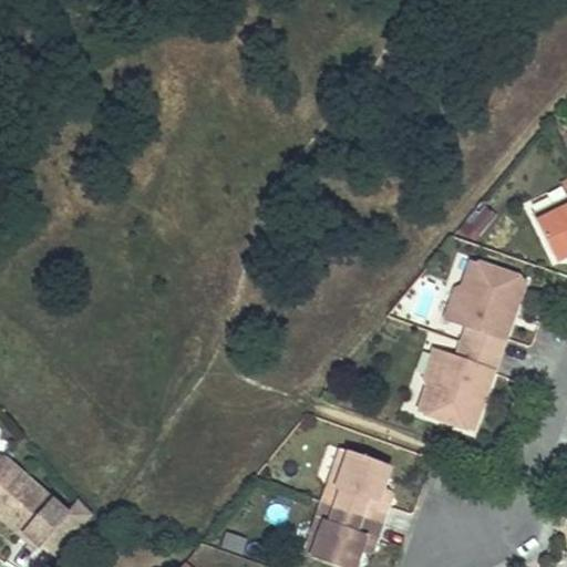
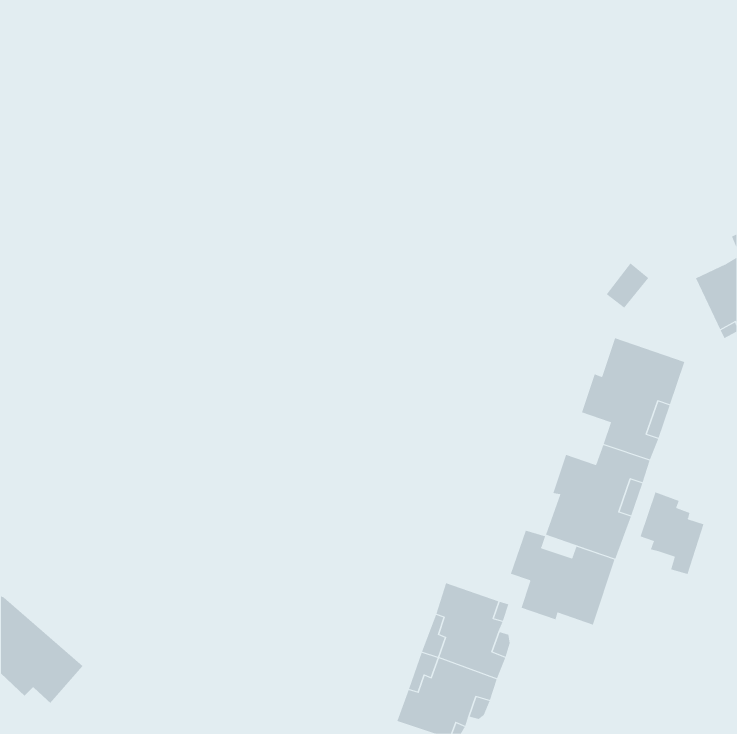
building: none -> [640,491,704,575]
building: none -> [510,530,615,626]

